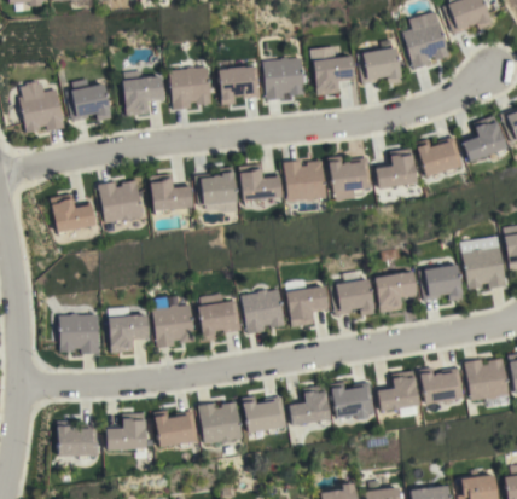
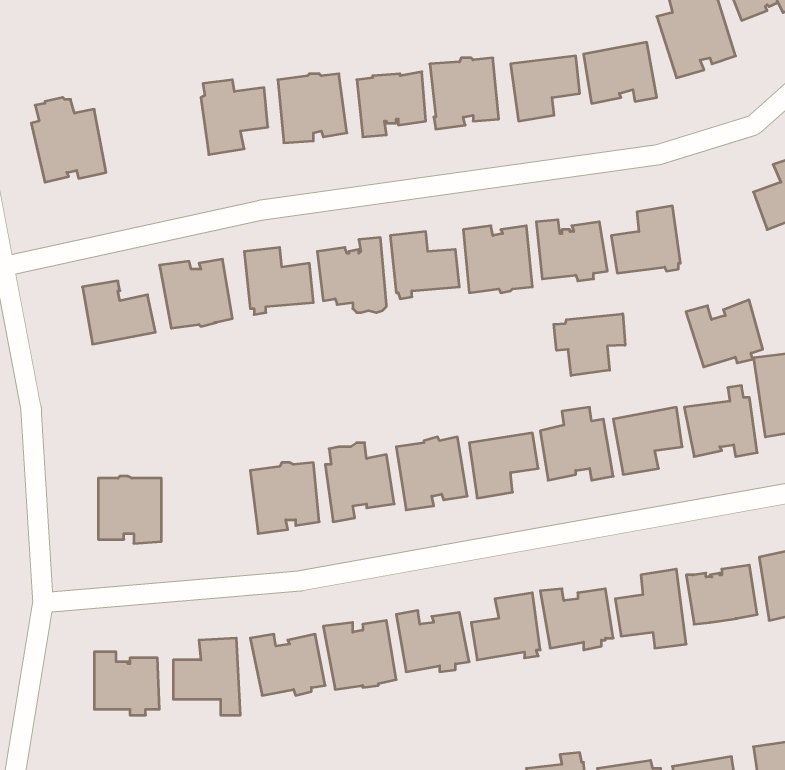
building: [66,79,112,121] -> none
building: [416,135,463,176] -> [686,300,763,367]
building: none -> [554,314,625,376]
building: [109,306,150,353] -> none

